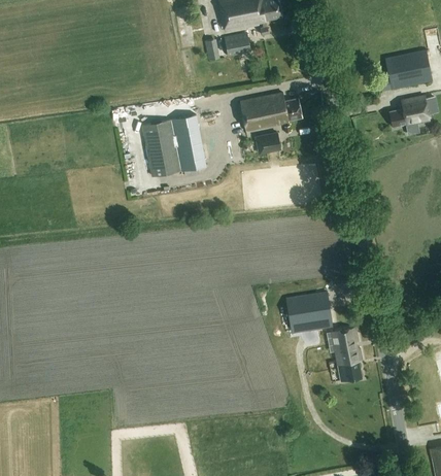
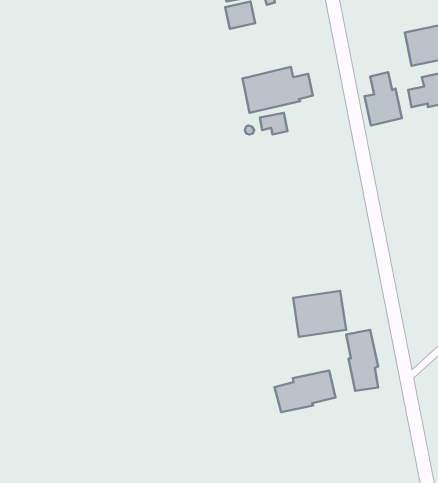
building: none -> [364,72,402,126]
building: [142,114,209,176] -> none
building: none -> [274,371,336,412]

